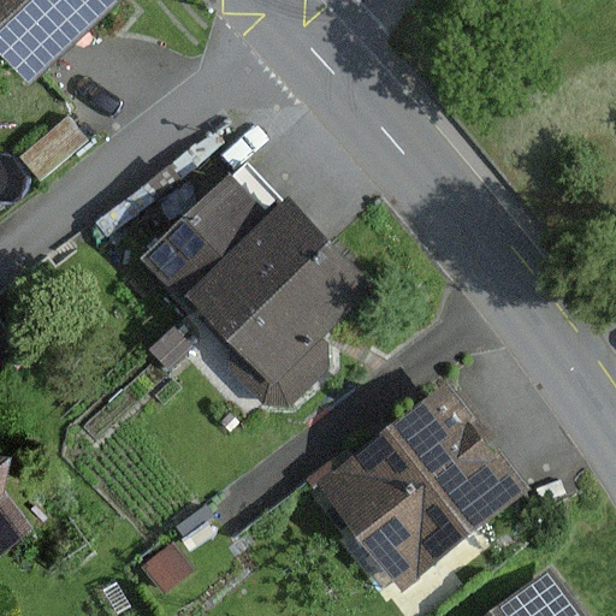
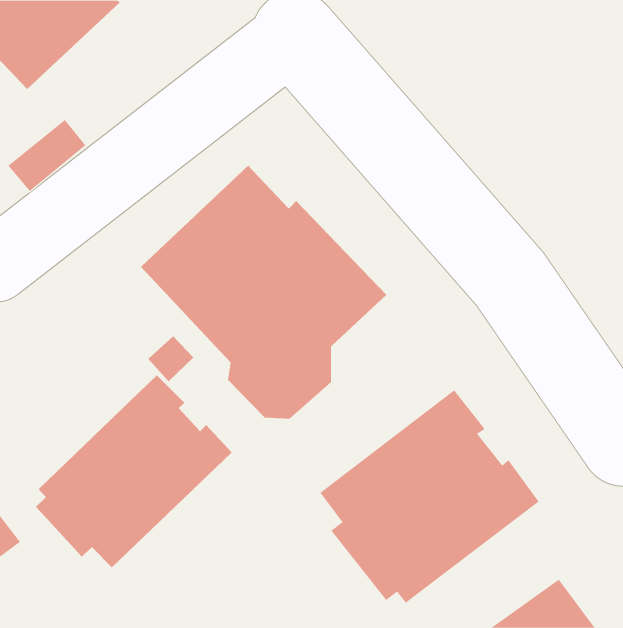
building: none -> [35,375,232,568]

